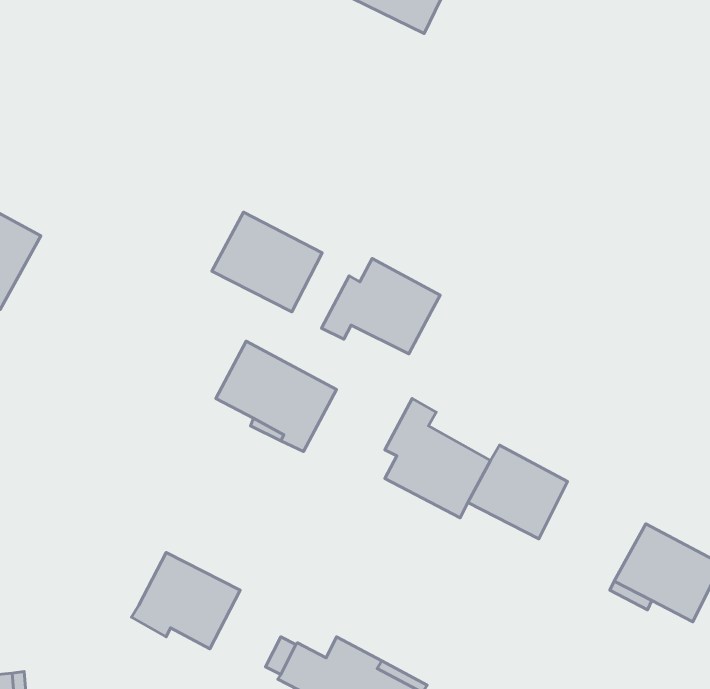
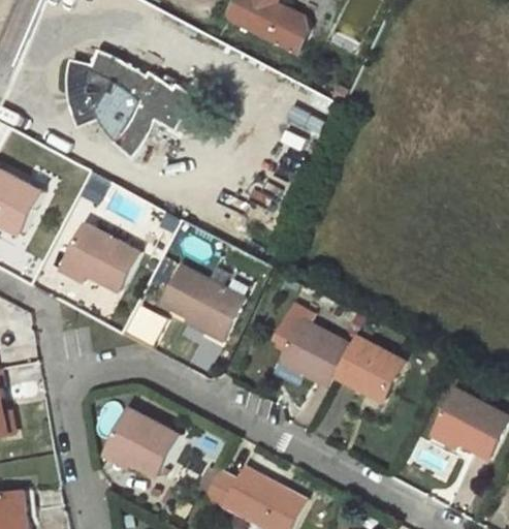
building: none -> [65,49,193,159]
building: [212,212,322,312] -> [63,223,138,291]
building: [321,259,440,354] -> none

